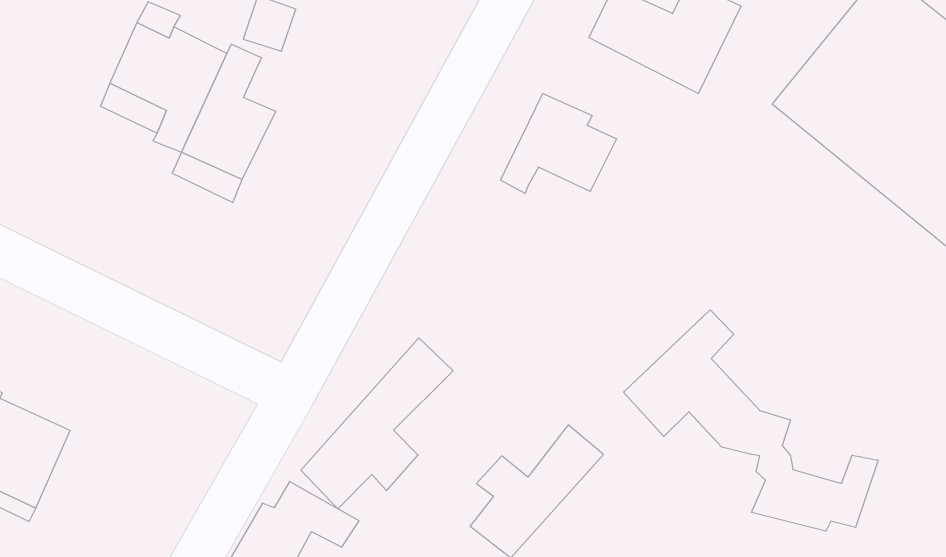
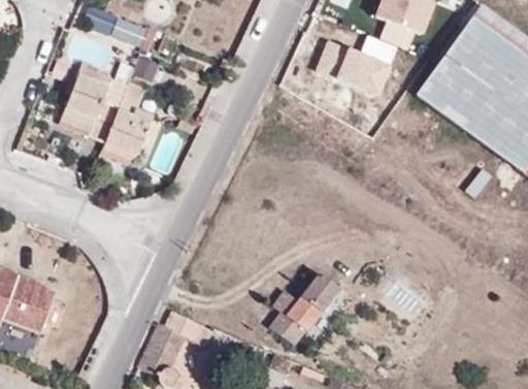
building: [501,94,617,194] -> none
building: [624,310,878,531] -> none
building: [301,338,453,509] -> none

